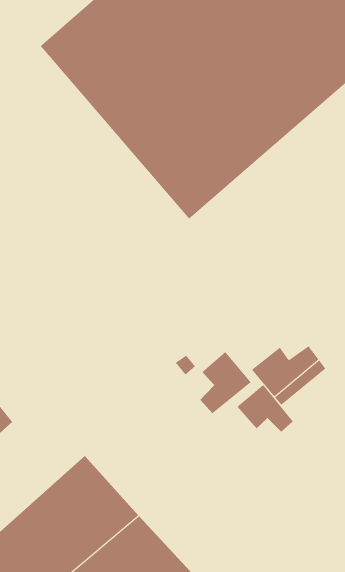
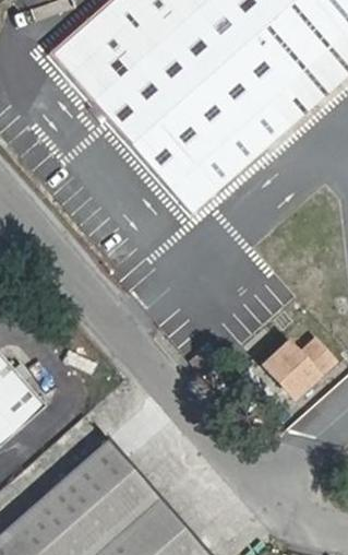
building: [199,351,251,414] -> none
building: [237,384,294,433] -> none

